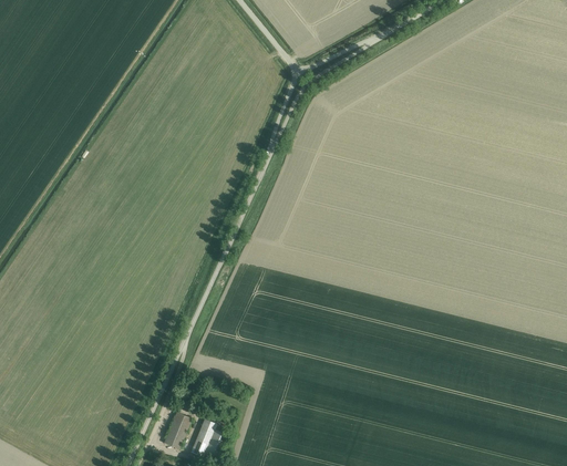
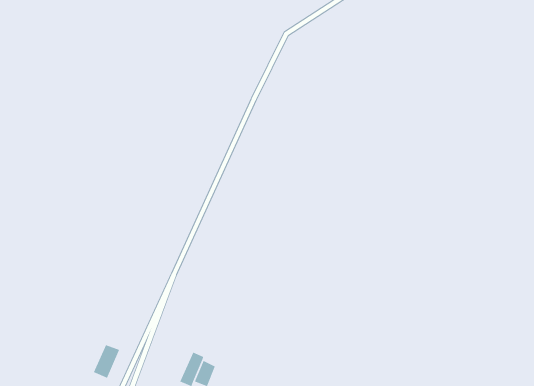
building: [163,411,192,447] -> [93,344,120,379]

